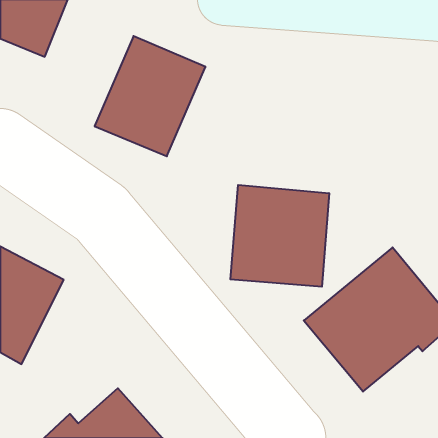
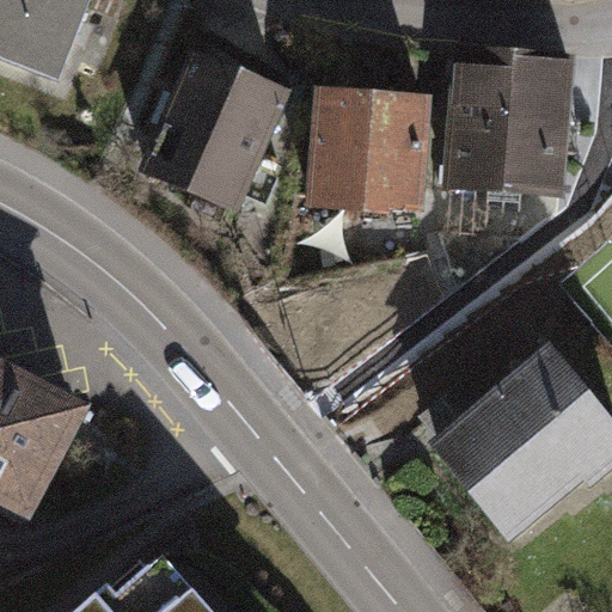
building: none -> [443,48,573,198]
building: none -> [301,86,430,219]
building: [230,185,329,287] -> none

